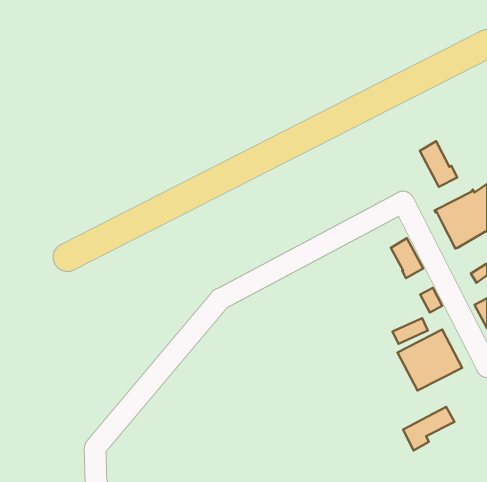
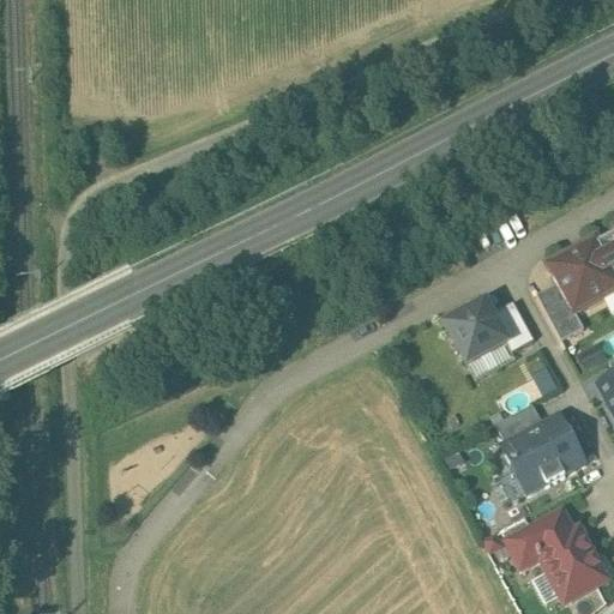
building: [420,141,457,187] -> [536,281,583,338]
building: none -> [445,300,507,361]
building: none -> [536,528,607,601]

